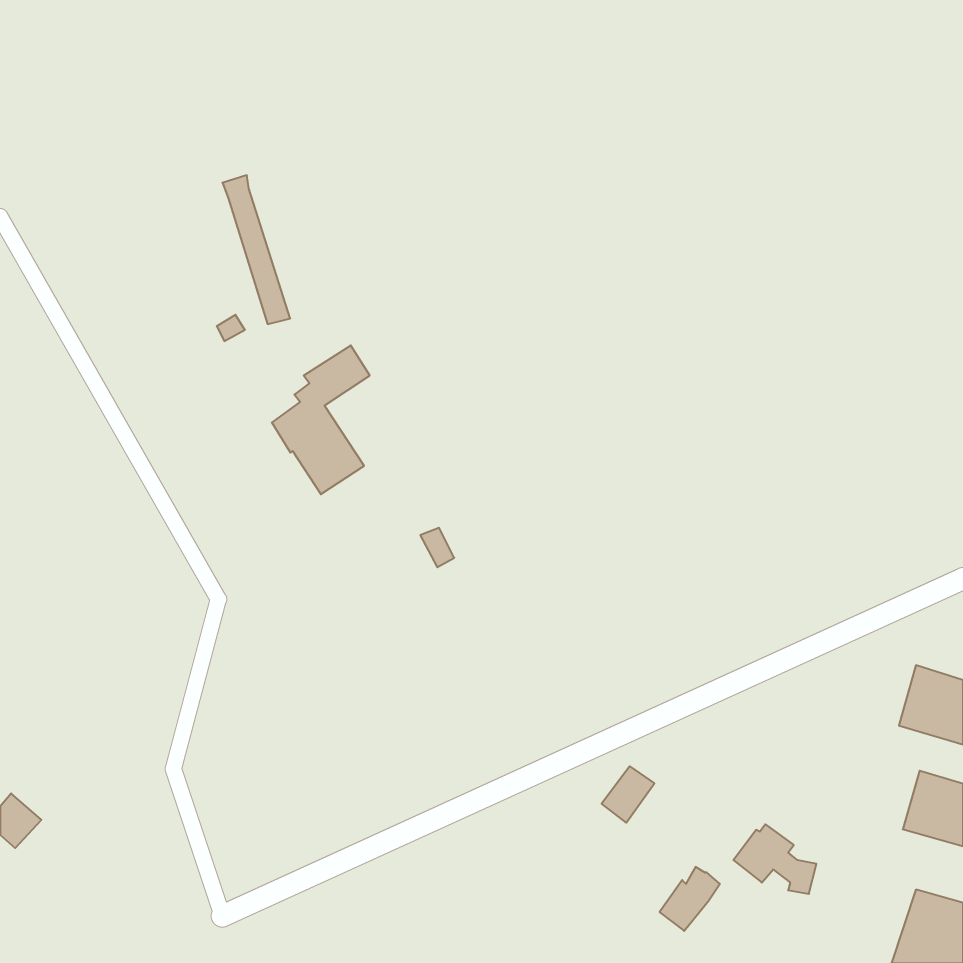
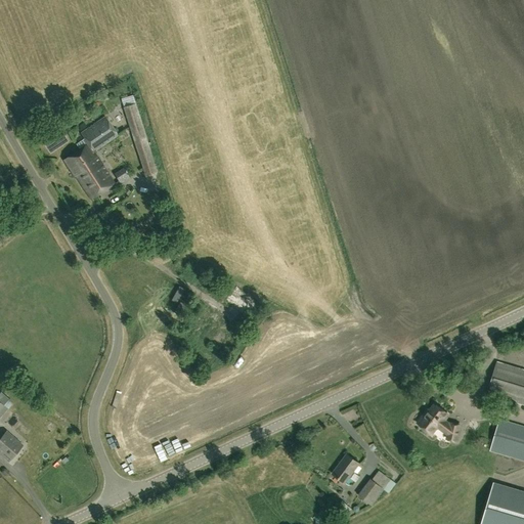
building: [272,345,370,494] -> [63,118,117,199]
building: [602,766,654,823] -> [332,453,360,484]
building: [733,824,816,894] -> [417,403,462,441]

